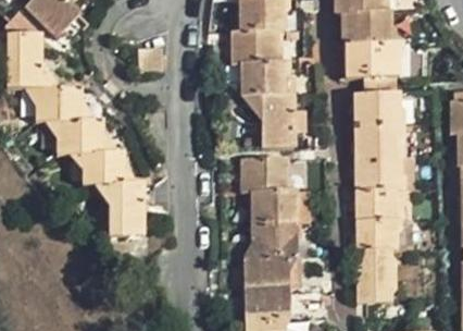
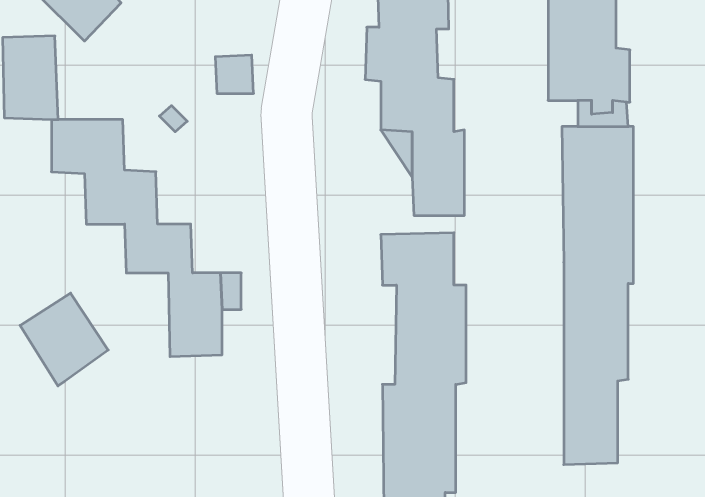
building: none -> [20,293,108,386]

